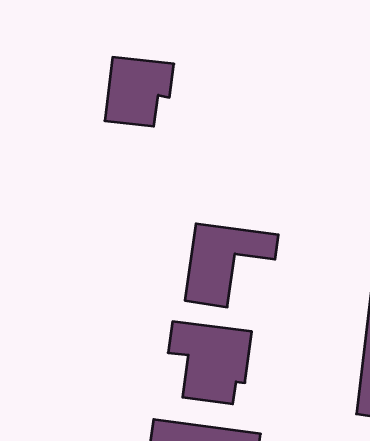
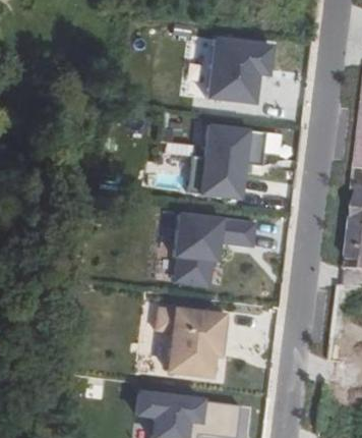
building: [105,57,174,126] -> [209,38,273,101]
building: none -> [201,124,264,198]

